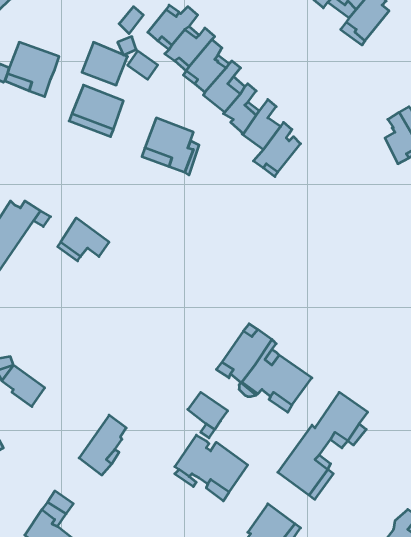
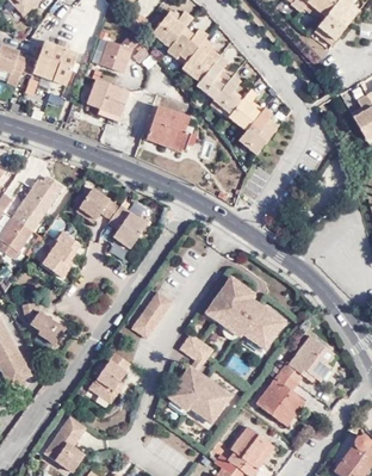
building: none -> [108,204,147,245]
building: none -> [42,229,75,276]
building: none -> [135,290,175,336]

